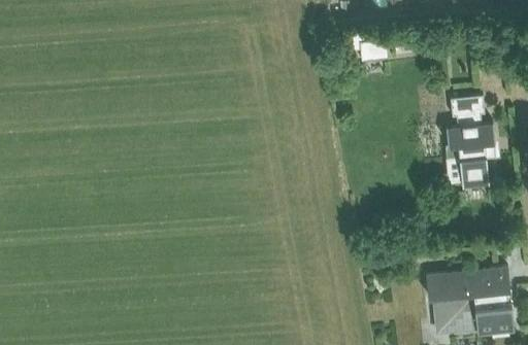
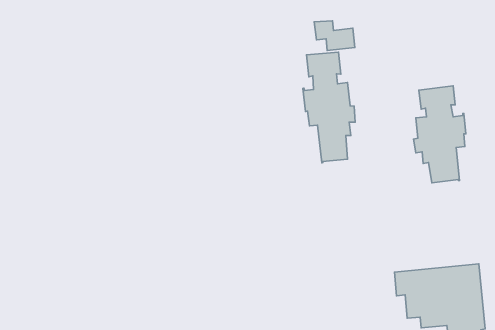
building: none -> [303,52,355,163]

